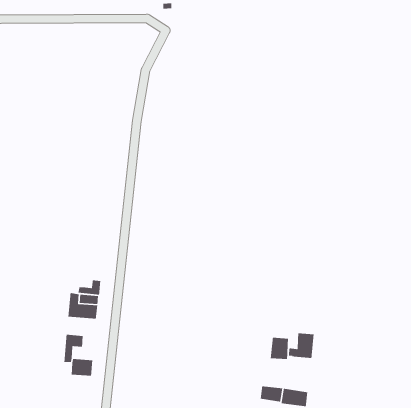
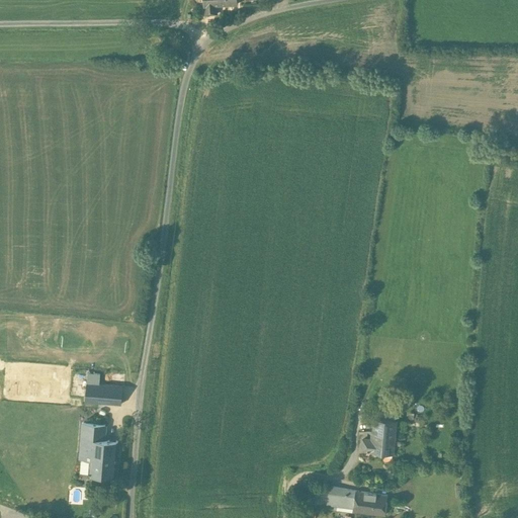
building: [78,279,101,295] -> none
building: [270,337,289,360] -> none
building: none -> [91,440,118,456]

